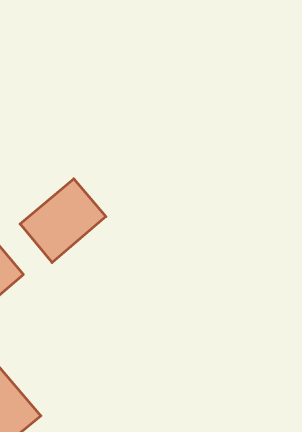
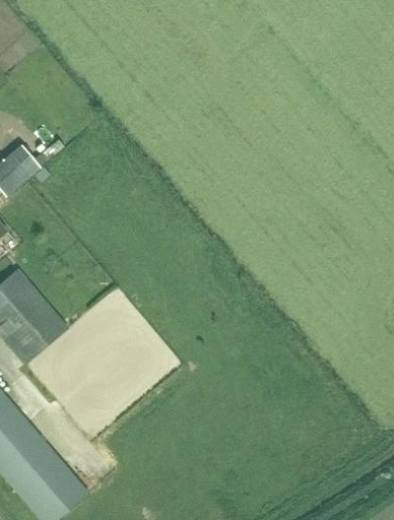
building: [20,179,106,263] -> none

